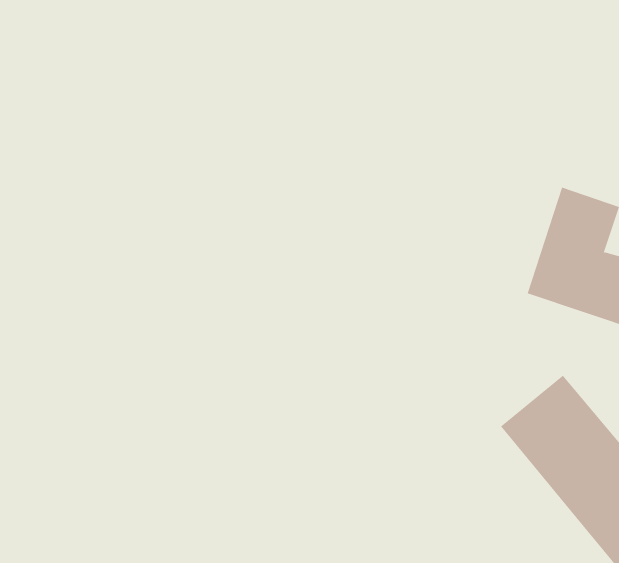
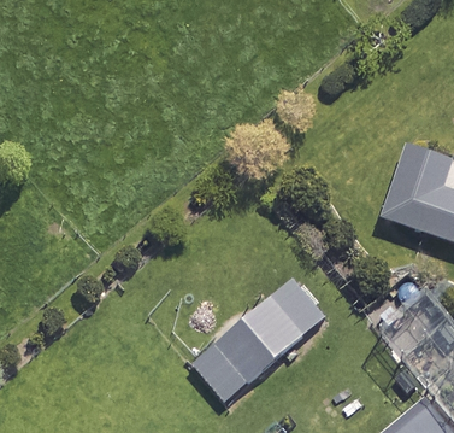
building: none -> [190,277,322,399]

